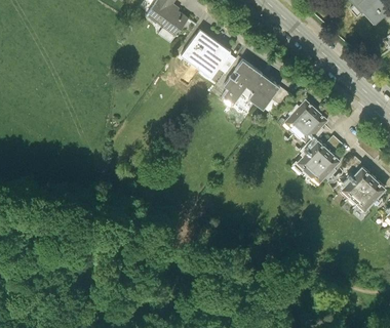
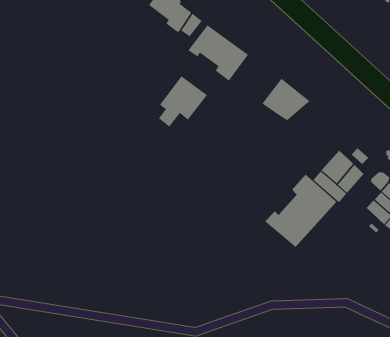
building: [223,57,267,104] -> [158,75,208,128]
building: [285,100,328,144] -> none
building: none -> [264,174,337,248]

